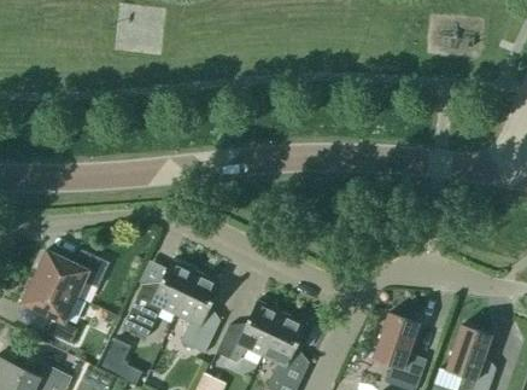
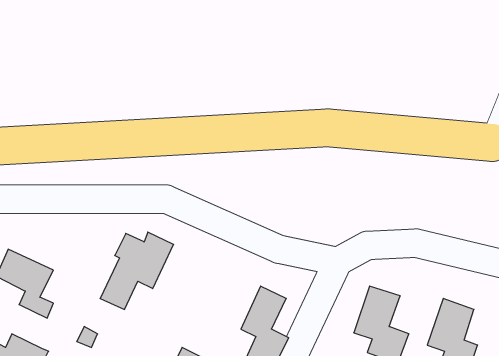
building: [34,250,110,297] -> none
building: [176,272,222,354] -> none
building: [217,301,282,362] -> none

